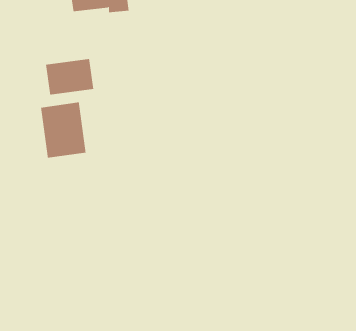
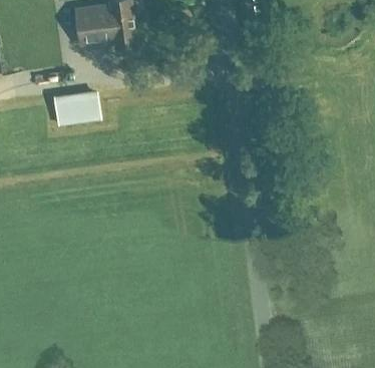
building: [41,102,86,158] -> none

